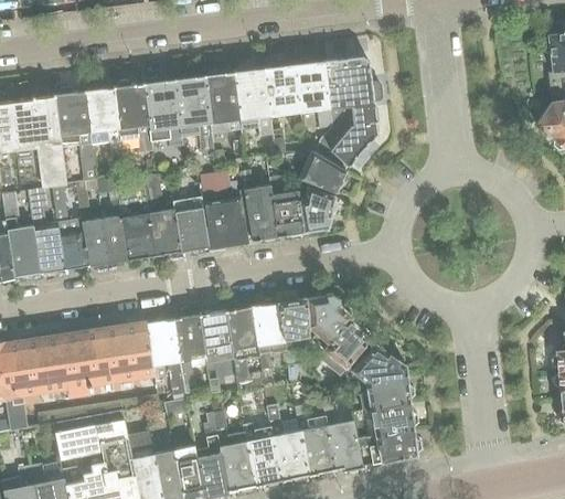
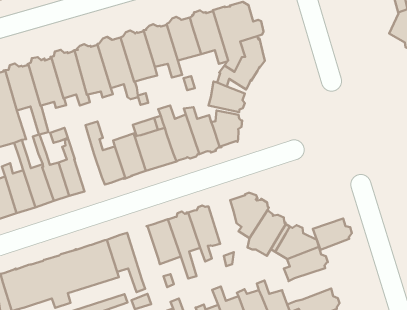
building: [121,188,154,261] -> none
building: [278,299,309,348] -> none
building: [172,316,205,393] -> none
building: [370,403,417,437] -> [313,218,352,250]

